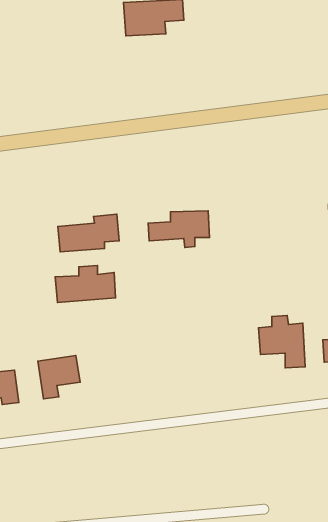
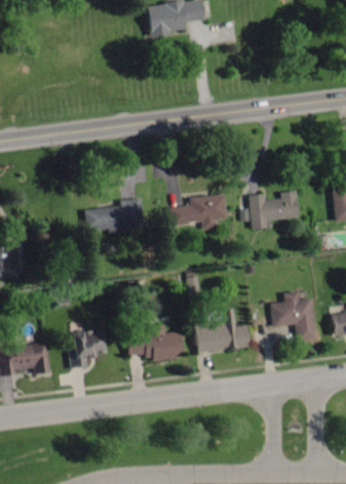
building: none -> [252,192,300,230]
building: [55,266,115,302] -> [127,326,183,360]
building: none -> [196,310,249,353]

